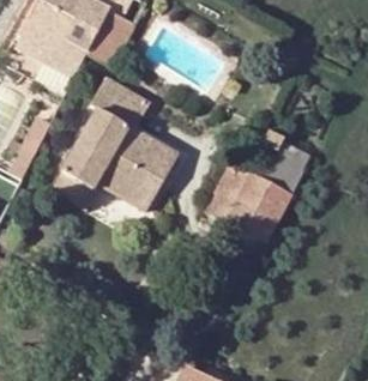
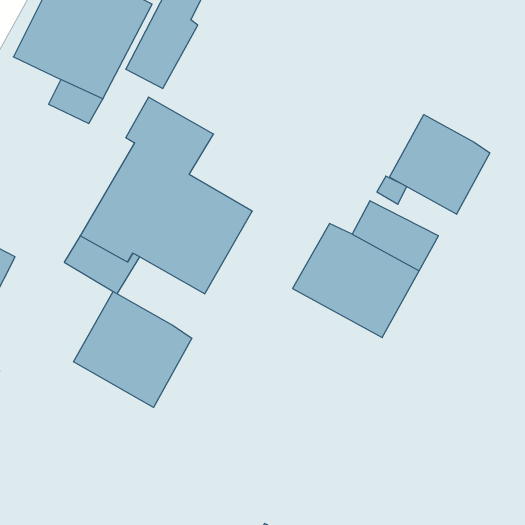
building: none -> [390,115,490,214]
building: none -> [74,292,192,407]

